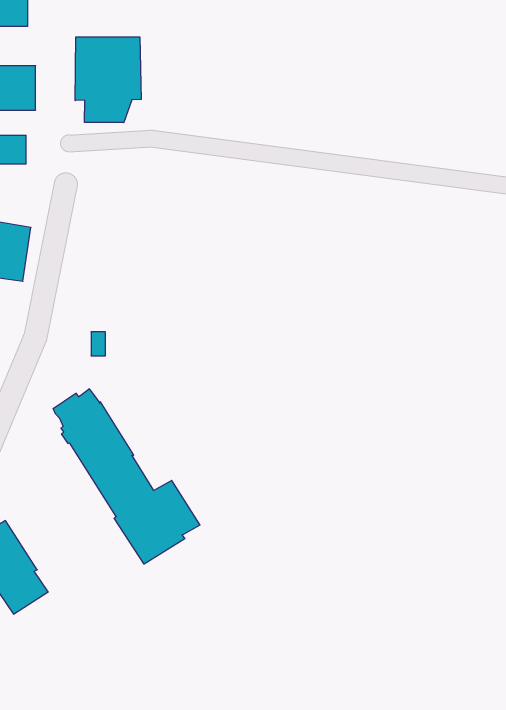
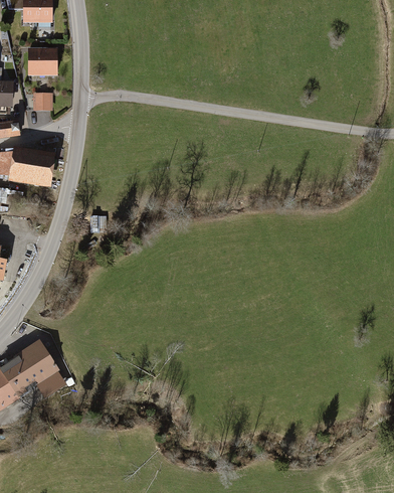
building: [75,37,141,123] -> none
building: [53,389,200,564] -> none

